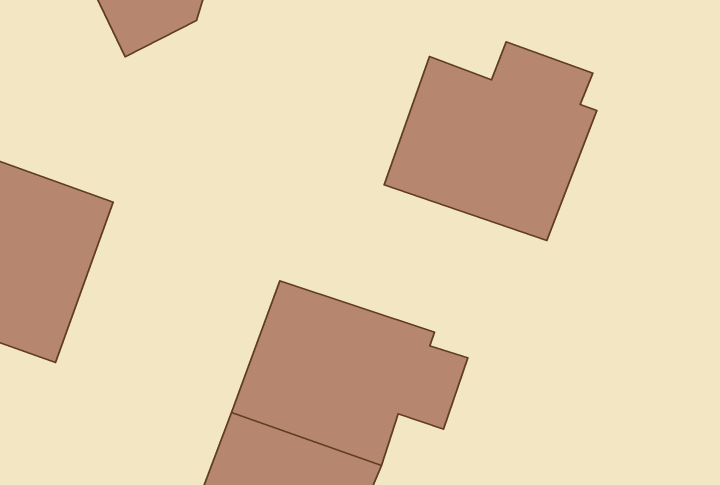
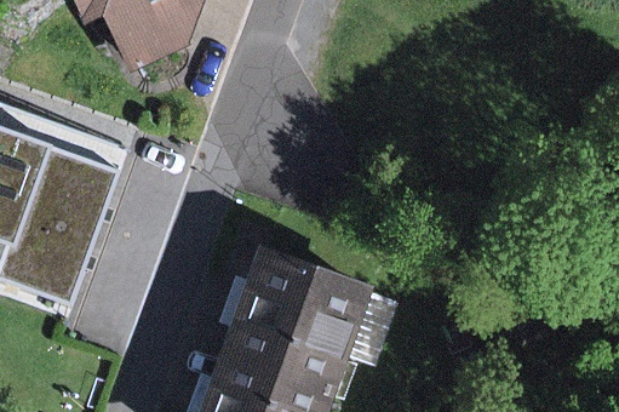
building: [384,42,597,241] -> none

